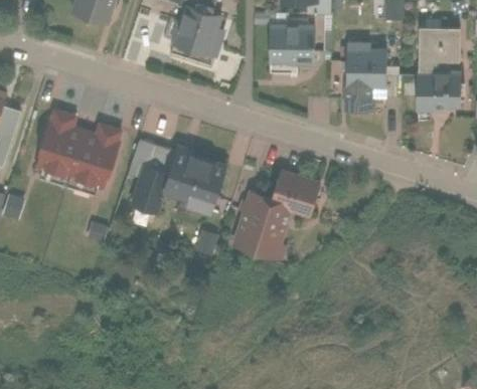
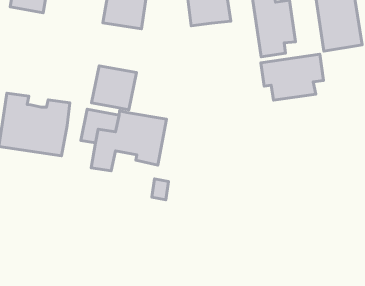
building: none -> [92,66,136,110]
building: none -> [261,54,324,100]
building: [231,175,319,261] -> none

